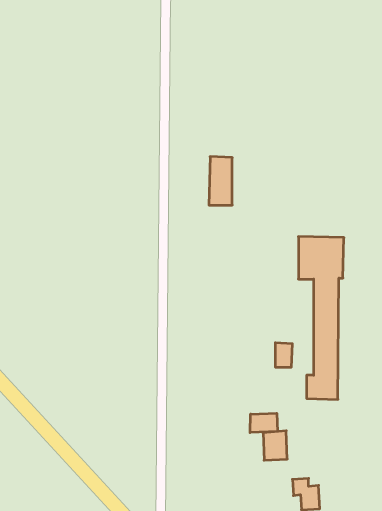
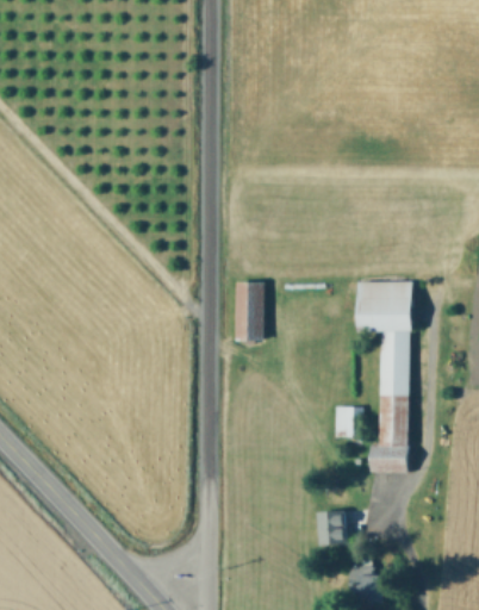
building: [209,157,232,205] -> [237,281,265,338]
building: [250,413,277,433] -> none

